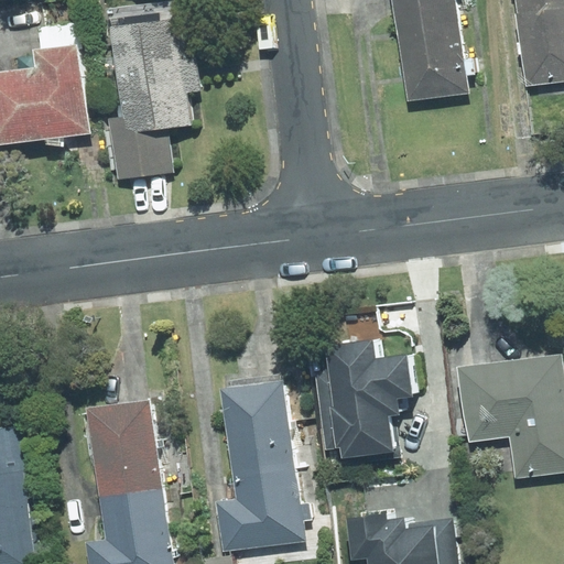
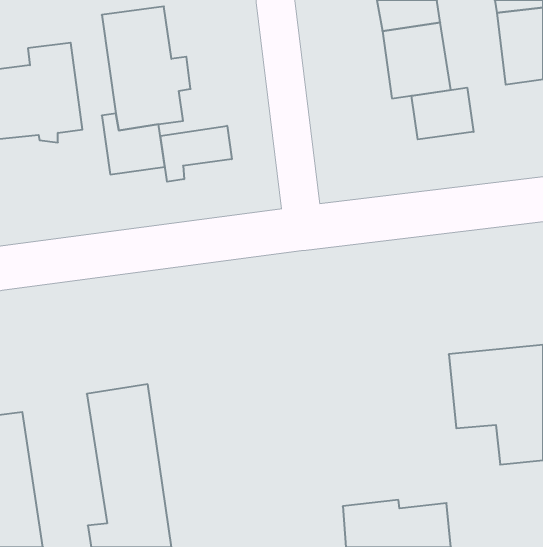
building: none -> [412,88,474,139]
building: none -> [160,126,232,182]
building: [315,338,419,463] -> none
building: [221,377,307,551] -> none

